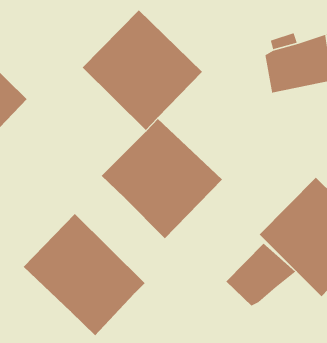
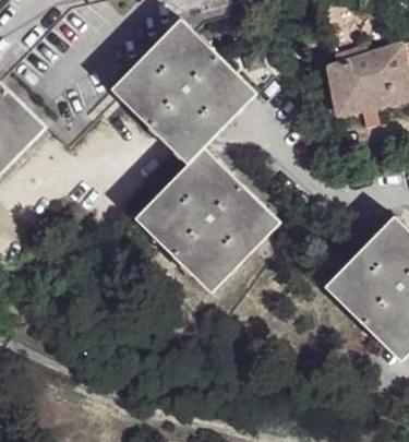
building: [23,213,146,336] -> none
building: [225,243,296,306] -> none

